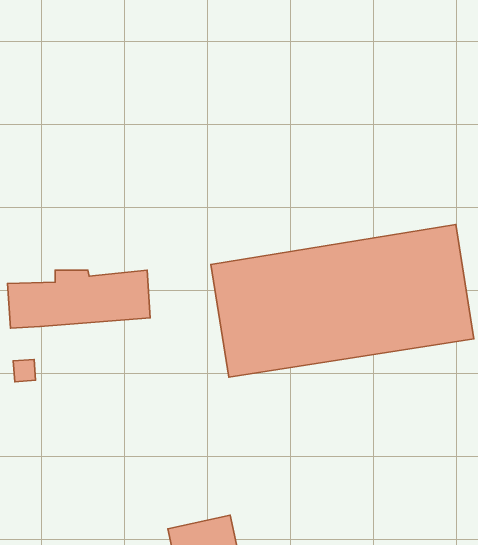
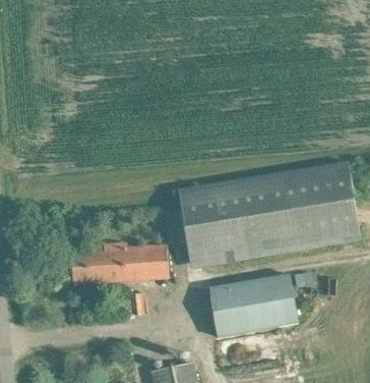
building: [8,270,150,328] -> [71,244,169,284]
building: none -> [208,273,298,337]

